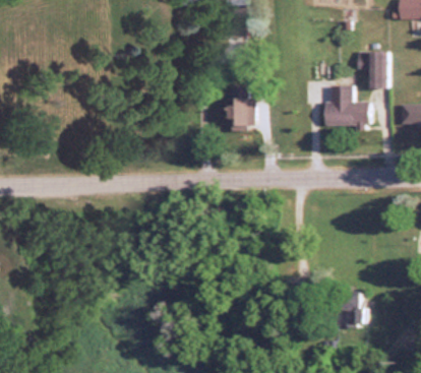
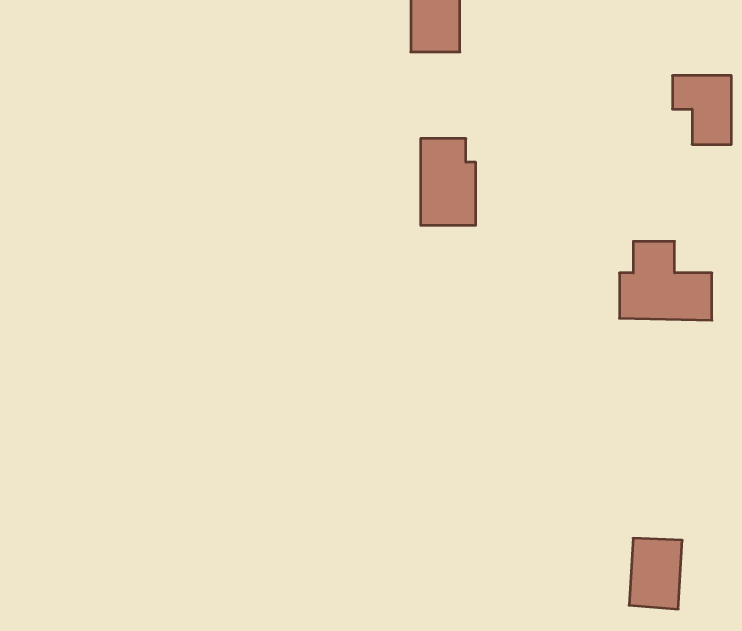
building: [323,86,371,127] -> [619,241,712,320]

